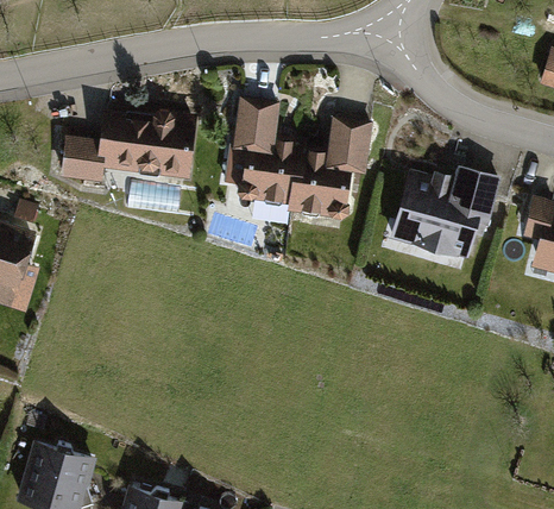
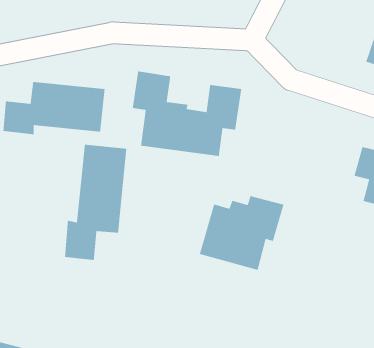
building: [390,162,502,260] -> [199,195,285,271]
building: none -> [64,144,127,261]

